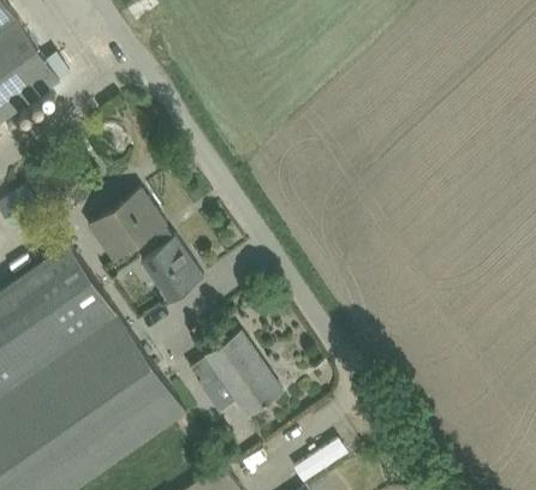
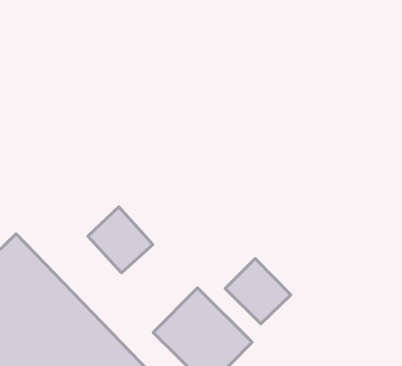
building: [83,191,163,267] -> none
building: none -> [225,258,291,324]

